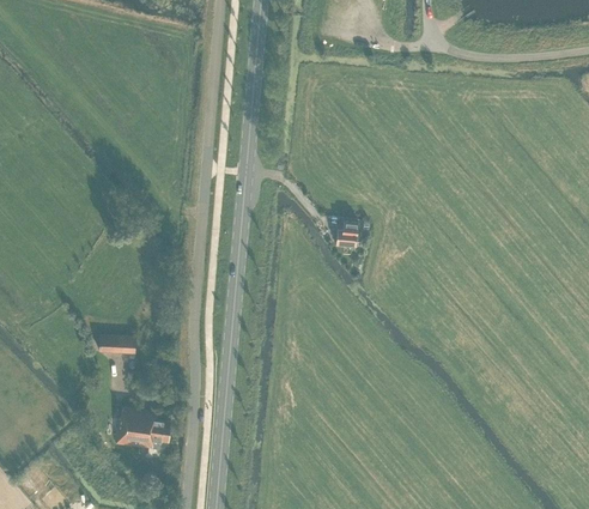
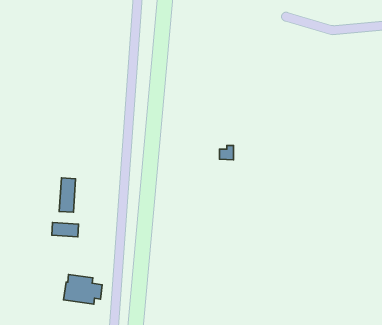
building: none -> [59,178,76,212]

